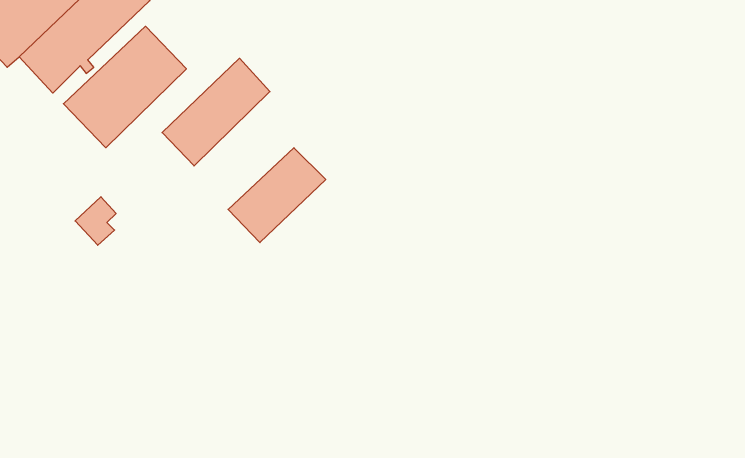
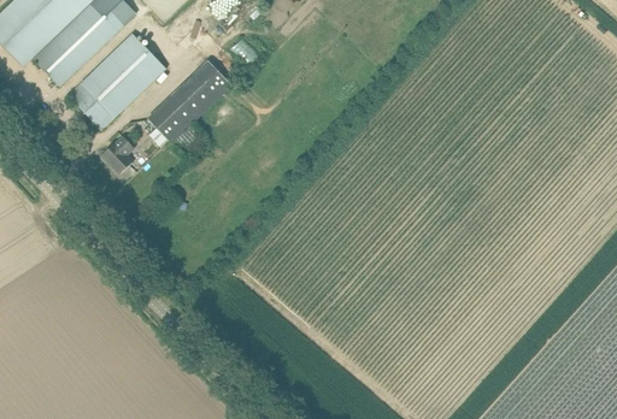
building: [228,148,326,243] -> none
building: [75,197,116,245] -> [101,135,134,173]

